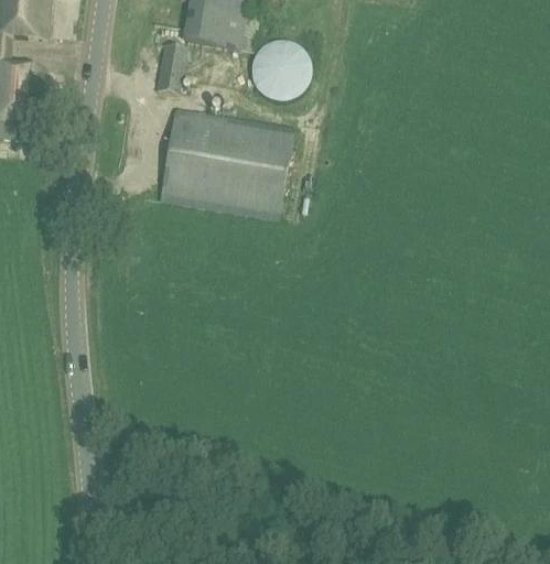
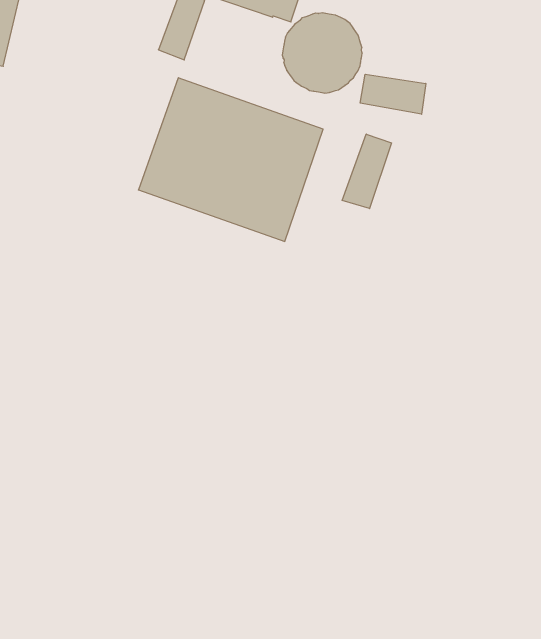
building: none -> [360,74,426,114]
building: none -> [342,134,391,209]

